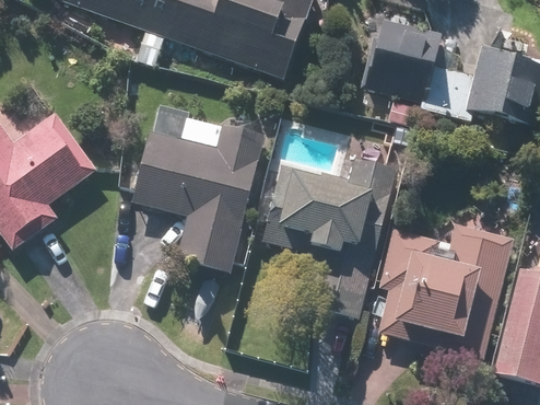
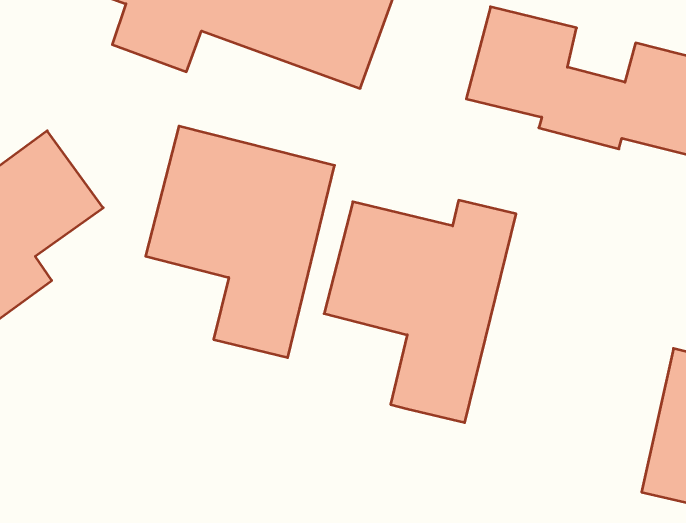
building: [373,220,513,356] -> none

